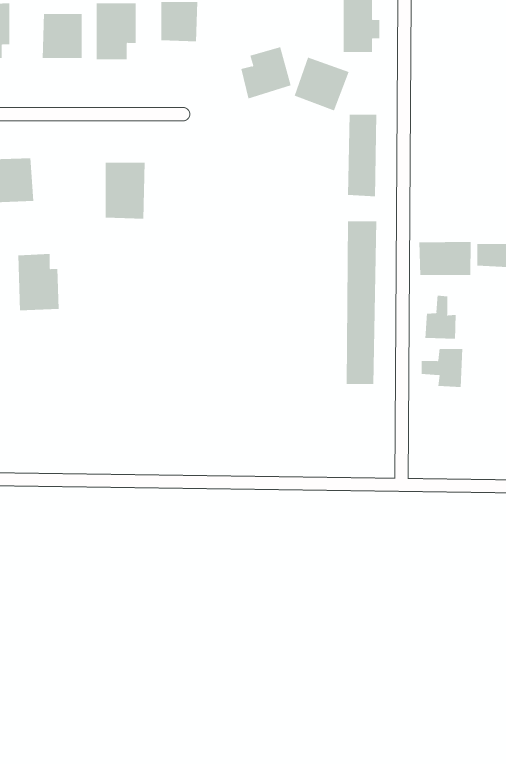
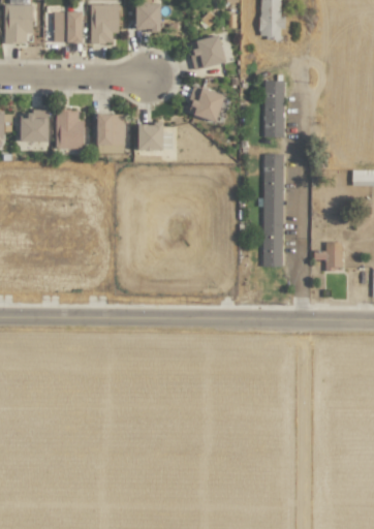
building: [294,57,350,111] -> [187,85,225,122]
building: none -> [137,123,173,150]
building: [419,241,471,276] -> none
building: [18,254,60,311] -> [56,110,85,149]
building: [425,295,456,340] -> none

